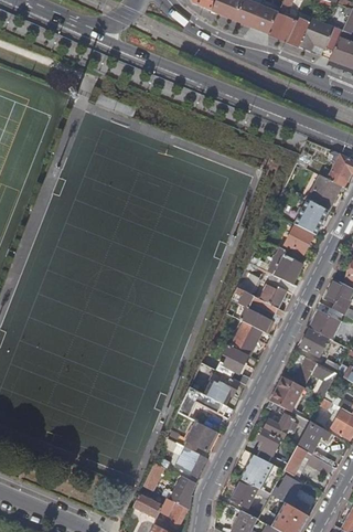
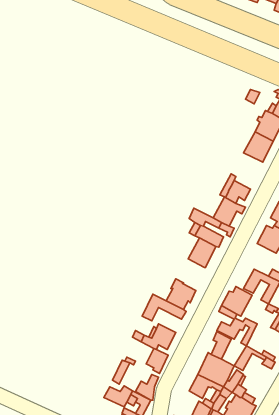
building: [285,223,314,254] -> none
building: [300,327,330,357] -> none
building: [216,344,249,384] -> none
building: [298,421,330,454] -> none

